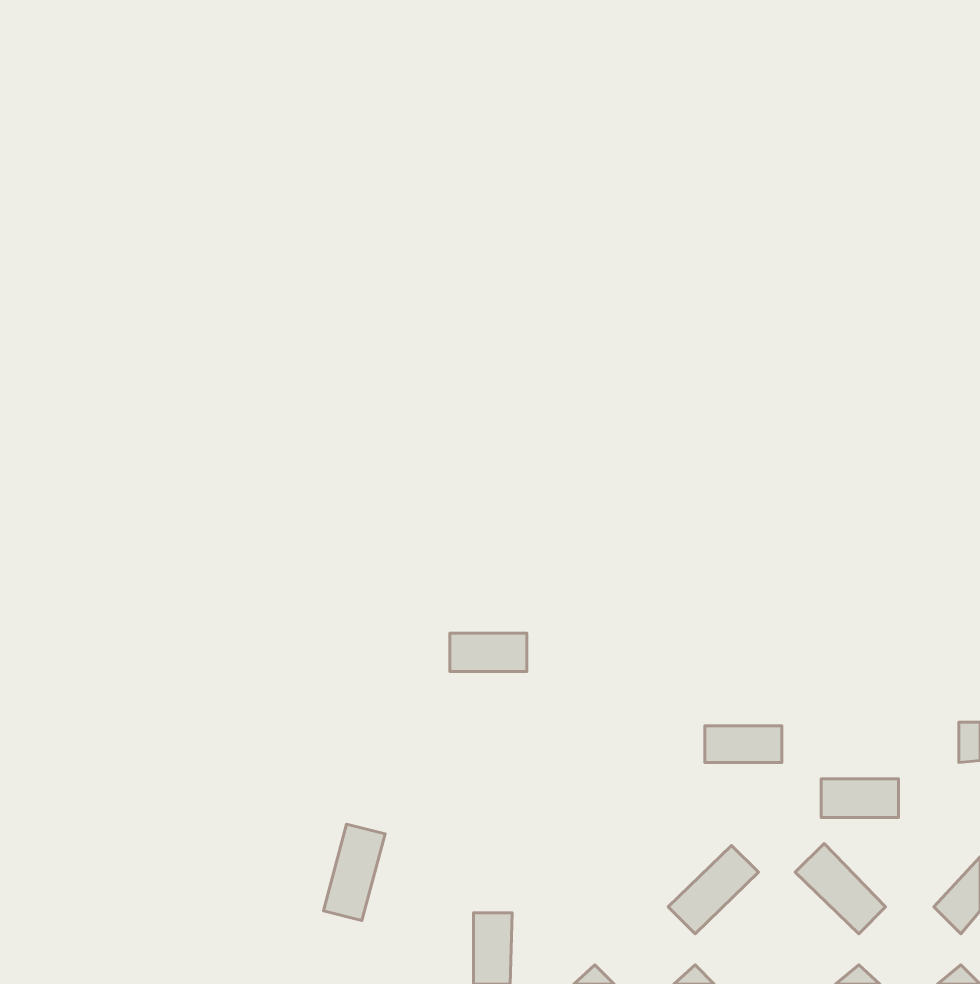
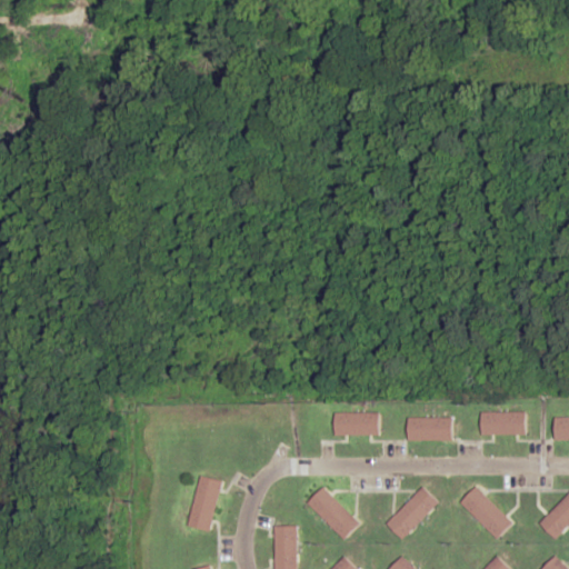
building: [450,633,527,672] -> [333,413,378,436]
building: [821,779,898,817] -> [480,412,525,435]
building: none -> [307,488,358,539]

